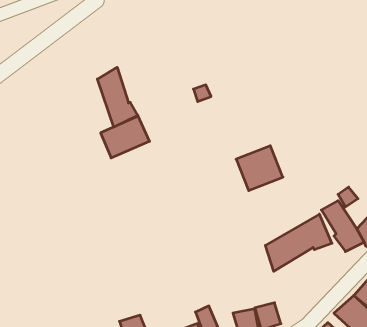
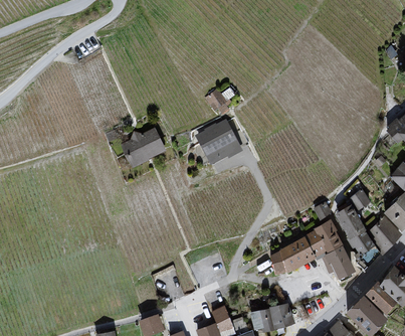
building: [97,67,138,127] -> none
building: [236,146,283,191] -> [195,118,240,161]
building: none -> [326,246,355,280]

